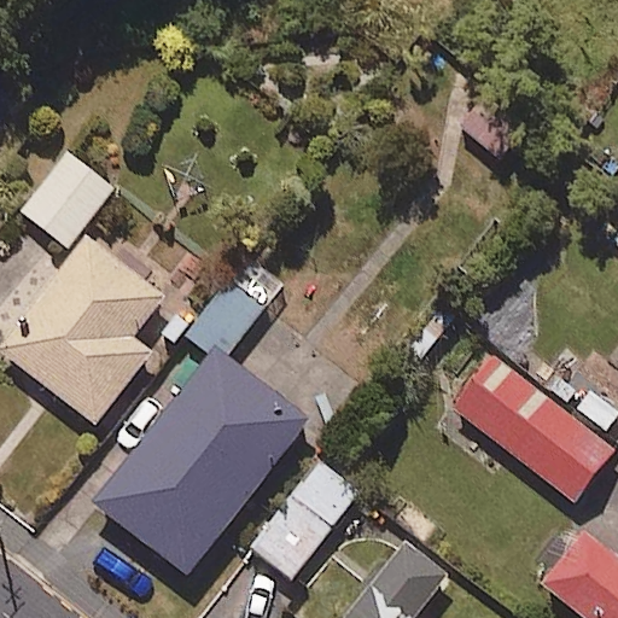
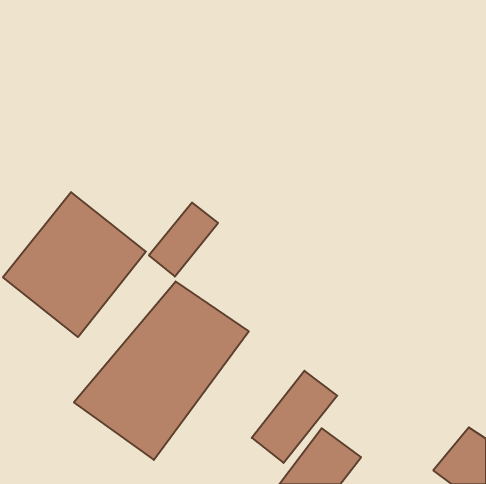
building: [14,147,106,243] -> none
building: [439,346,606,495] -> none
building: [244,456,351,572] -> [252,371,337,463]

